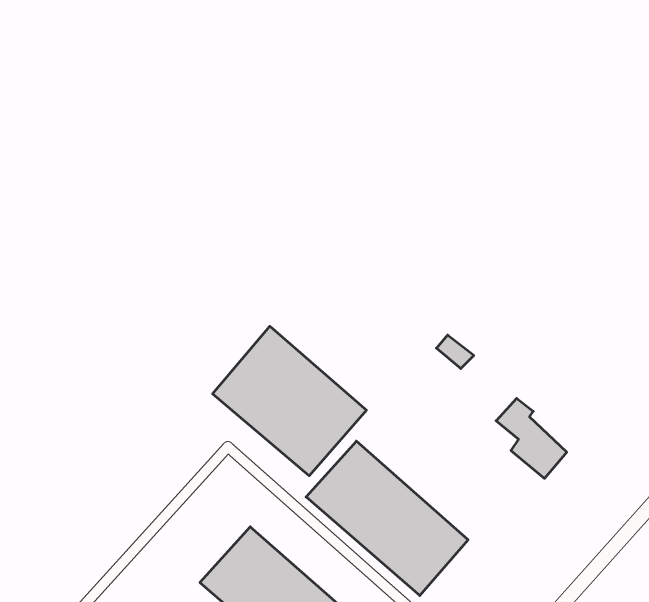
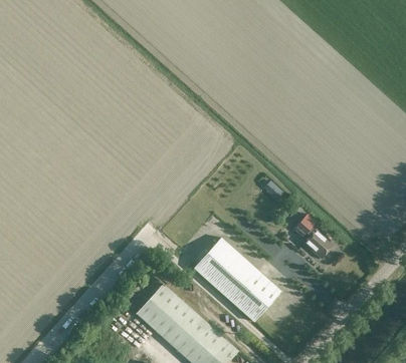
building: [213,326,366,476] -> none

